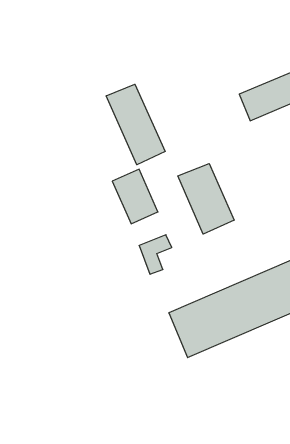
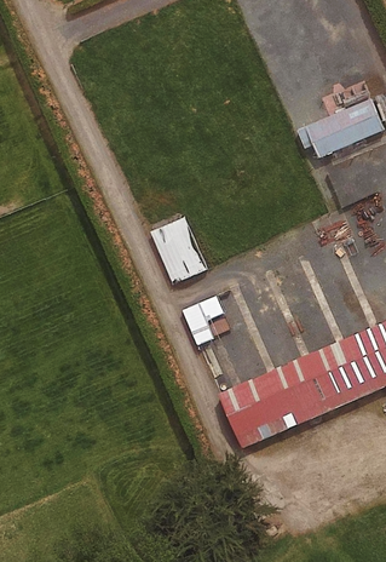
building: [106,84,165,165] -> none
building: [178,164,234,234] -> none

